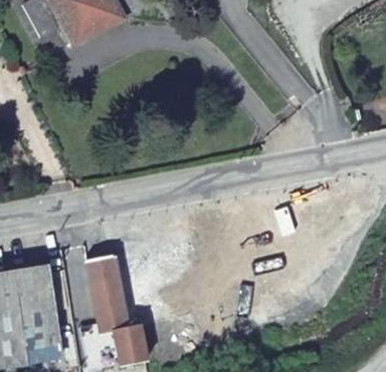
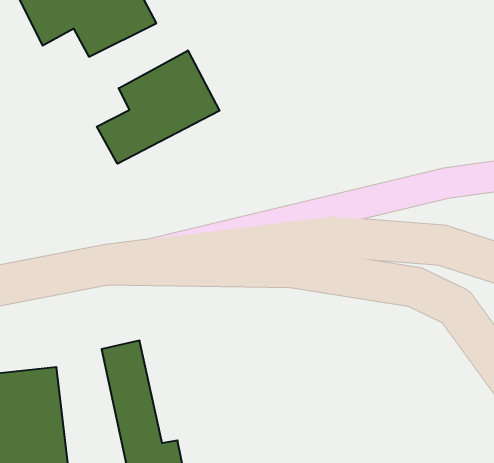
building: none -> [97,50,220,164]

